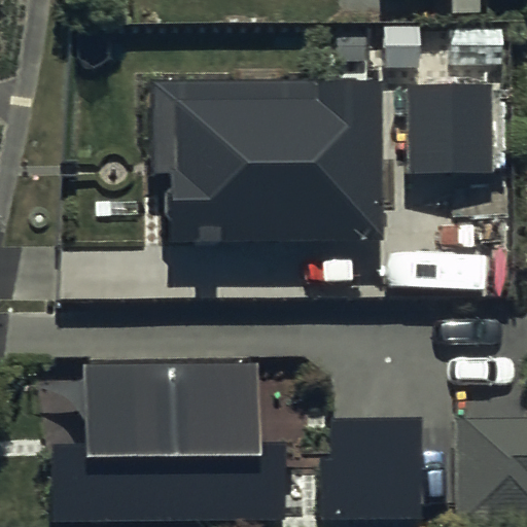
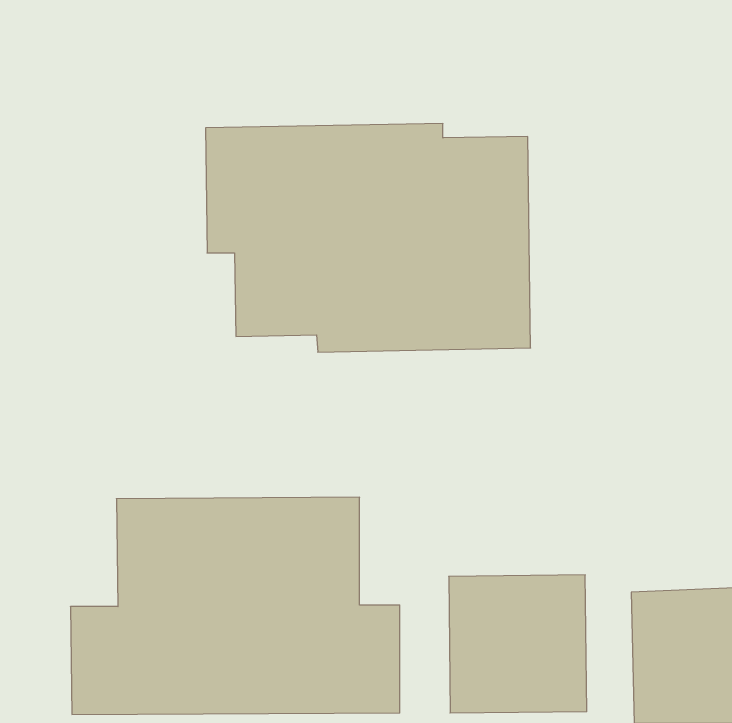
building: [402,92,494,179] -> none

